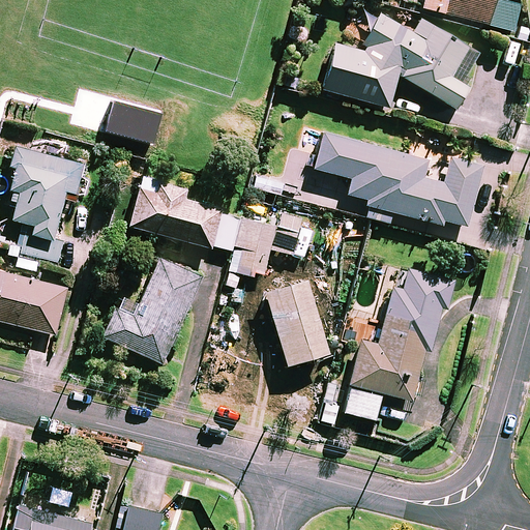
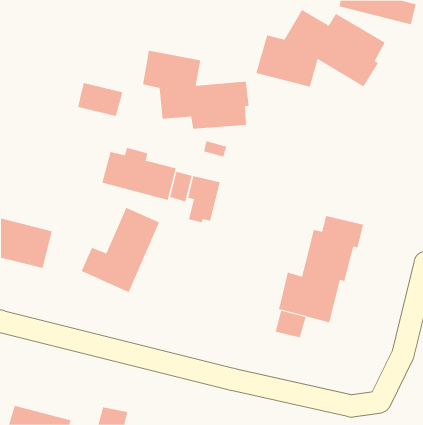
building: none -> [143,50,249,129]
building: [314,132,484,228] -> none
building: [7,149,84,261] -> none
building: [251,281,335,365] -> none

